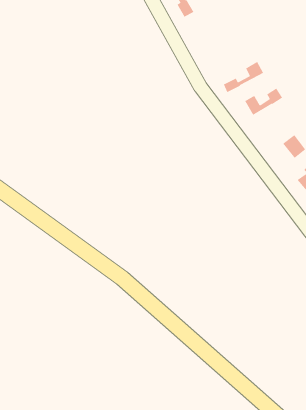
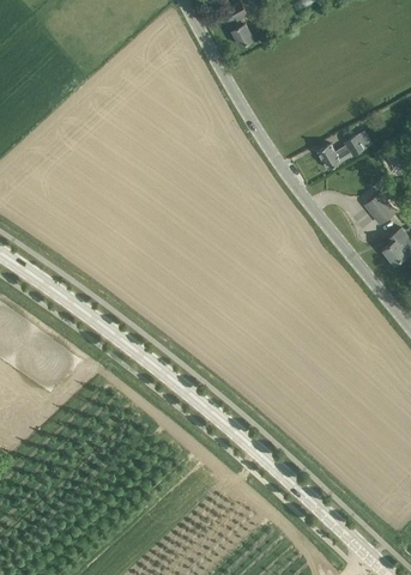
building: [223,61,264,93] -> none

